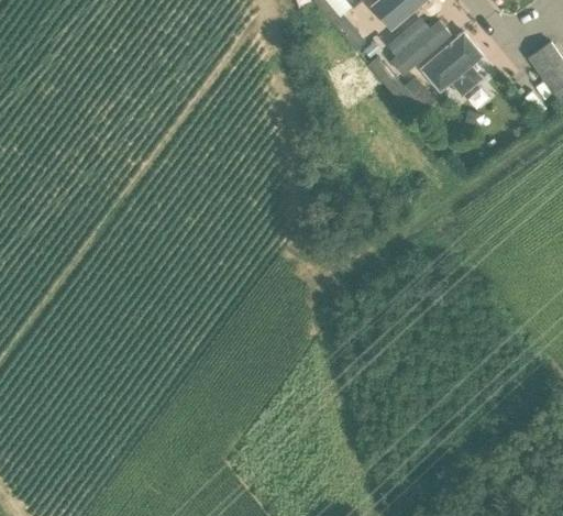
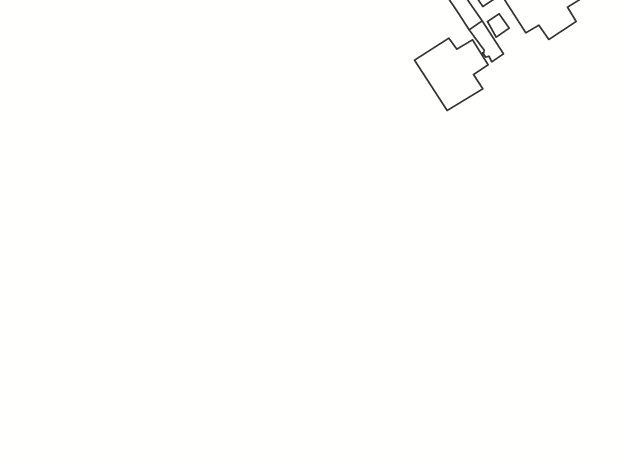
building: none -> [414,38,488,111]

